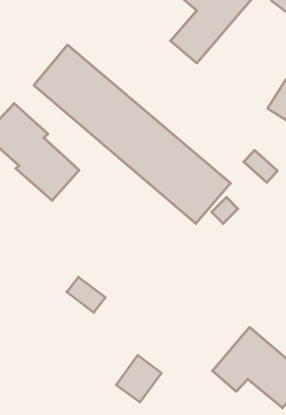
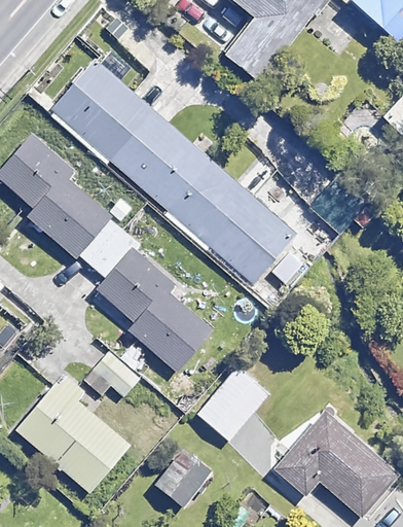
building: none -> [81,222,211,370]
building: none -> [195,365,268,442]
building: none -> [14,370,130,493]

